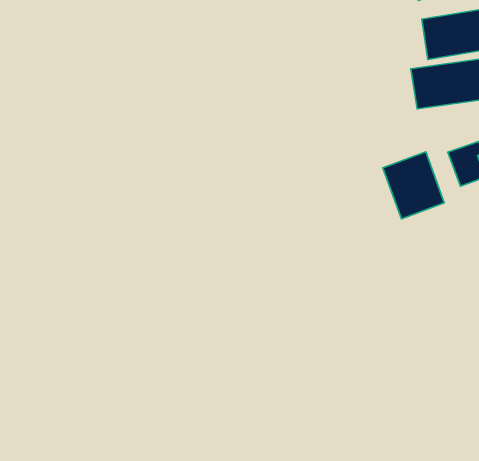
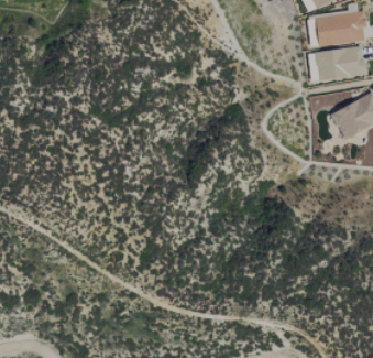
building: [383,152,444,219] -> none

